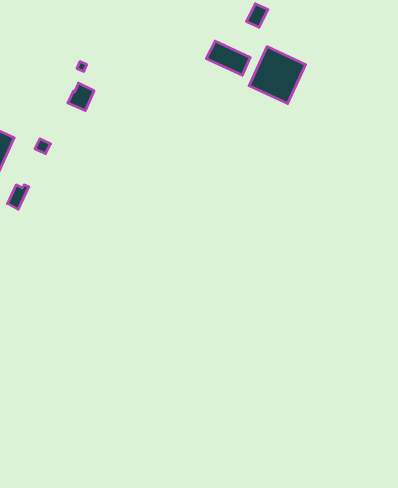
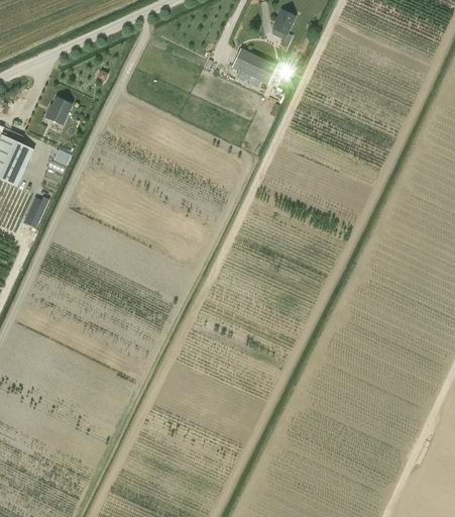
building: [249,47,306,104] -> none
building: [68,83,94,111] -> [43,96,71,124]

